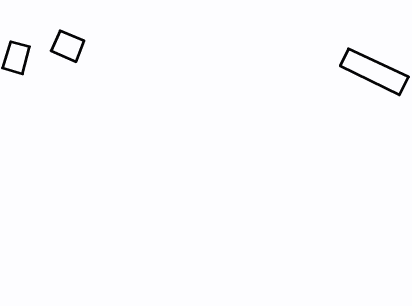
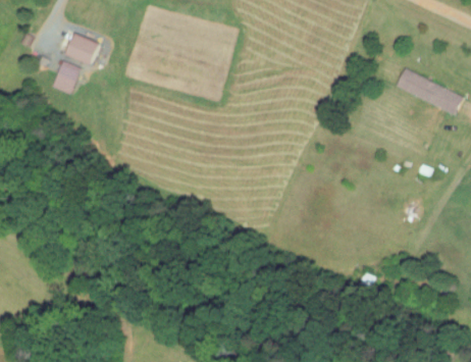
building: [51,31,84,62] -> [66,34,100,65]

